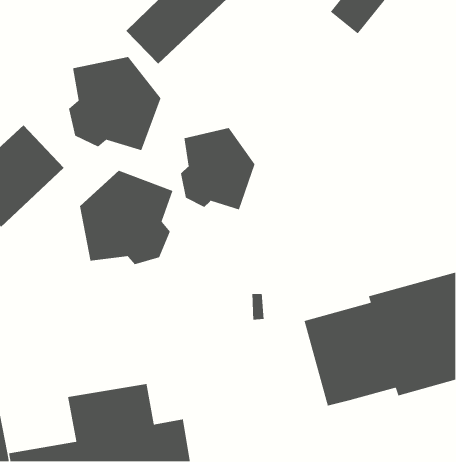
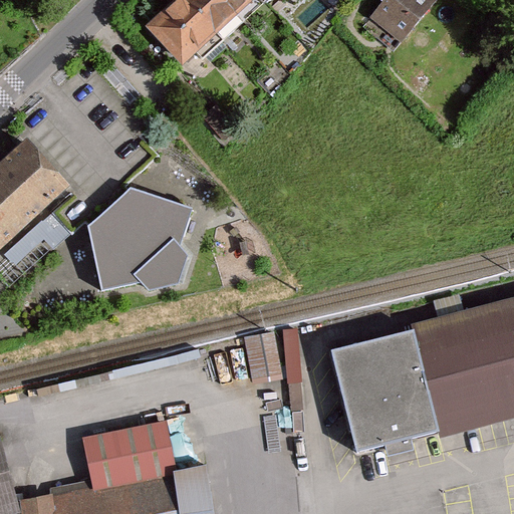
building: [68,56,161,151] -> none
building: [180,127,255,211] -> none

